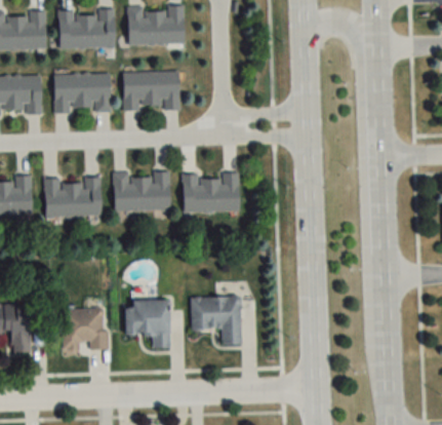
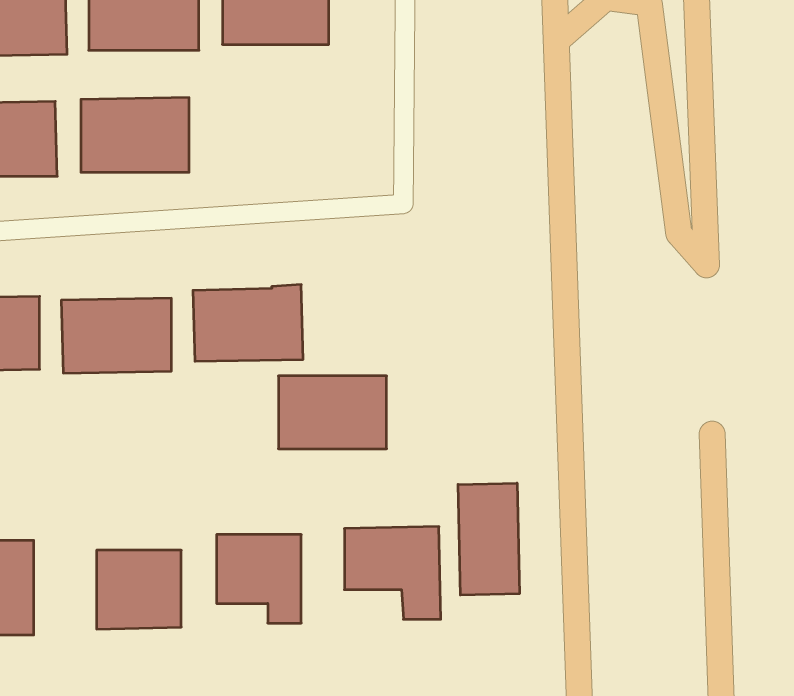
building: [123,71,180,110] -> none
building: [184,173,240,211] -> [278,376,387,449]
building: none -> [458,483,519,595]

